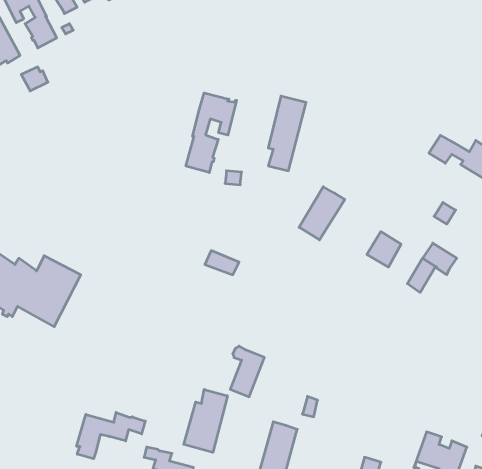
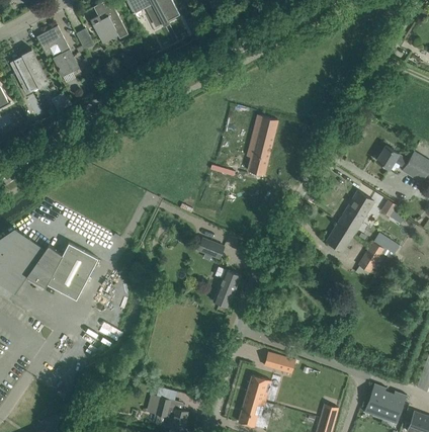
building: [186,93,237,173] -> none
building: [299,187,345,240] -> [337,191,373,234]
building: [230,346,264,397] -> [212,267,240,308]
building: [184,389,227,452] -> none
building: [77,412,145,459] -> none

